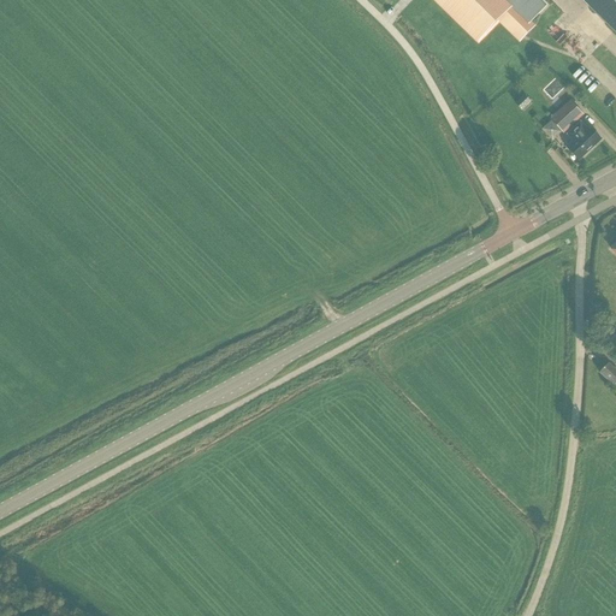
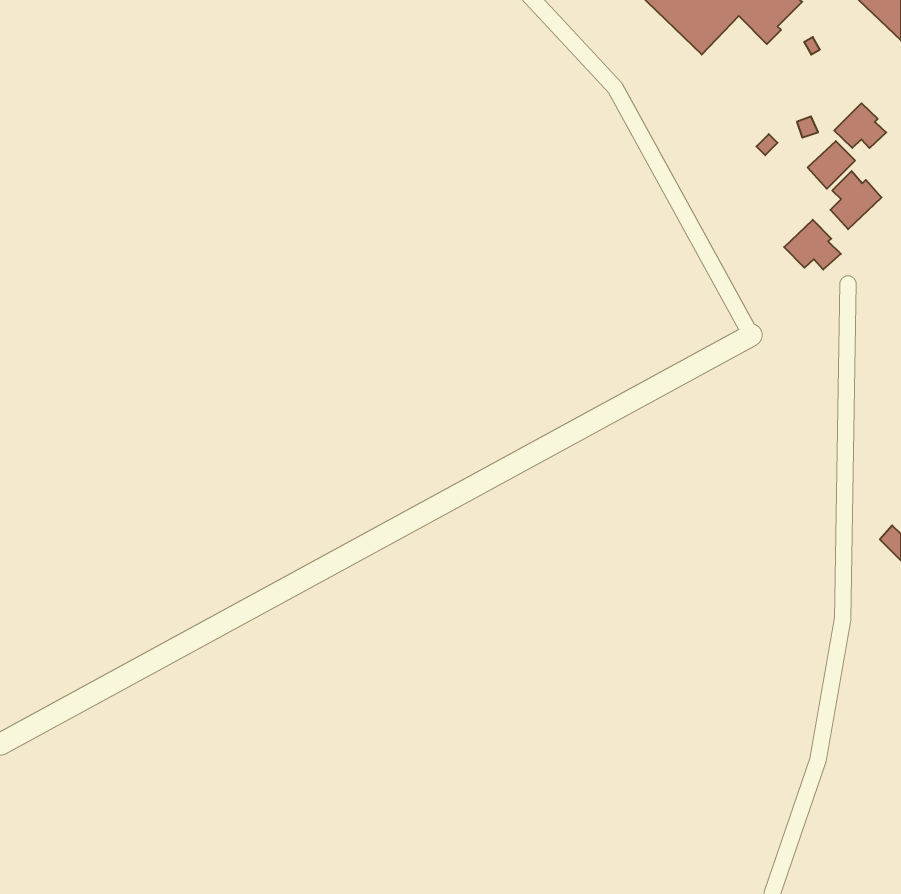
building: none -> [834,103,886,148]
building: none -> [784,220,841,270]

